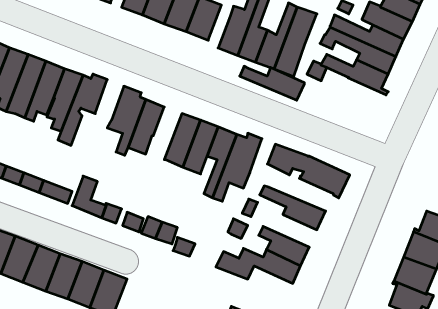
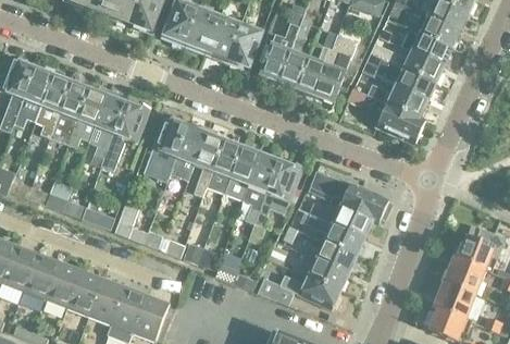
building: [240,66,304,100] -> [308,202,372,236]
building: none -> [377,103,424,143]
building: none -> [191,133,222,195]
building: none -> [302,239,356,272]

